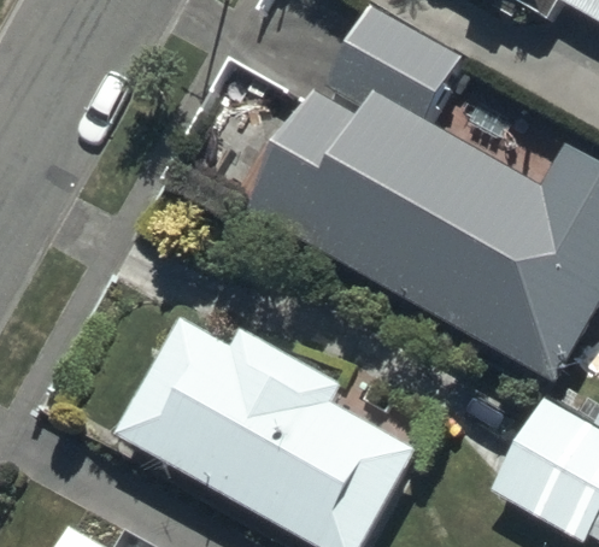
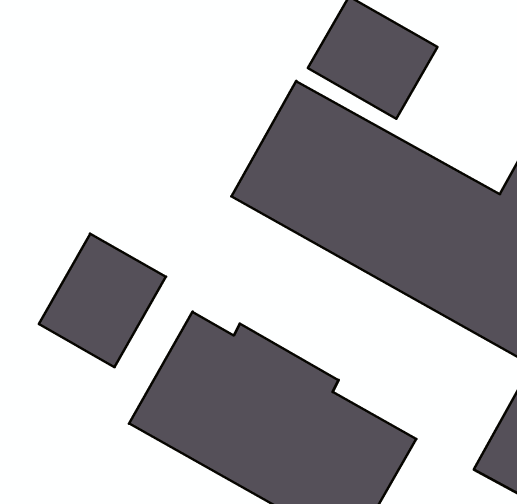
building: none -> [39,234,166,367]

